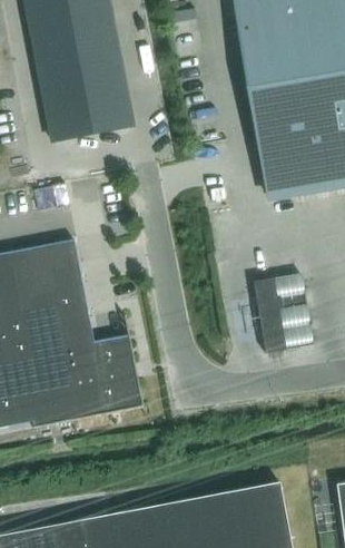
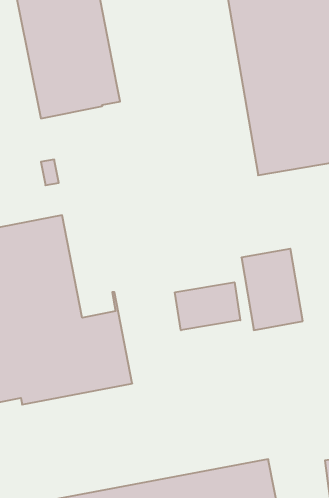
building: none -> [175,282,240,330]

